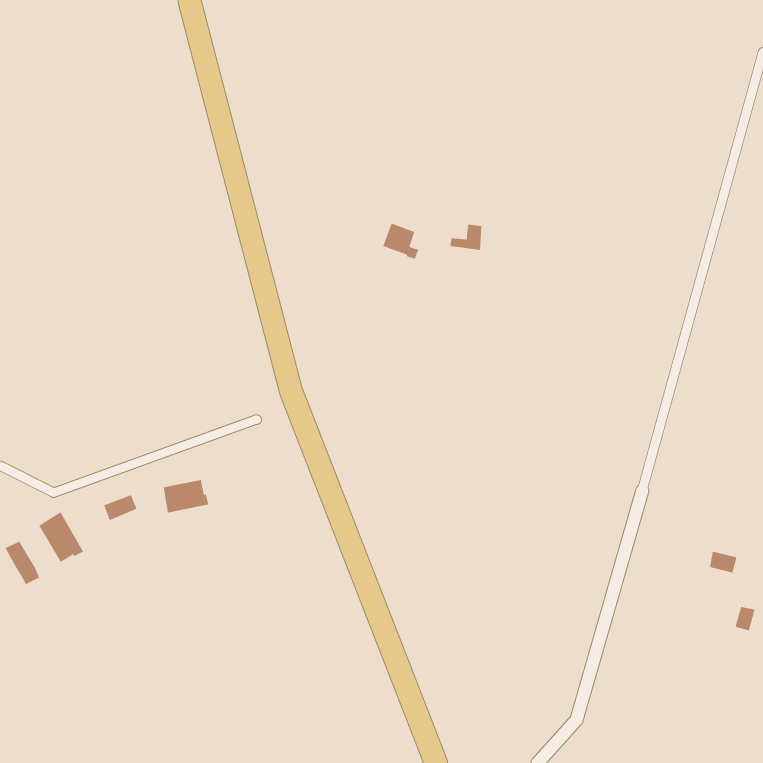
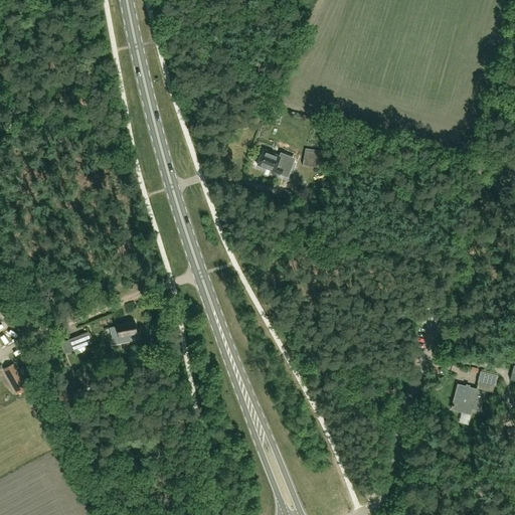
building: [38,511,84,563] -> none
building: none -> [451,384,485,414]

